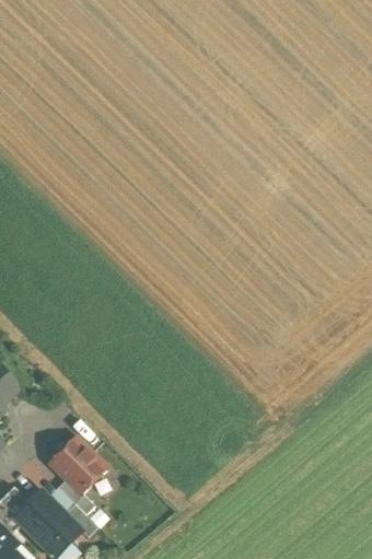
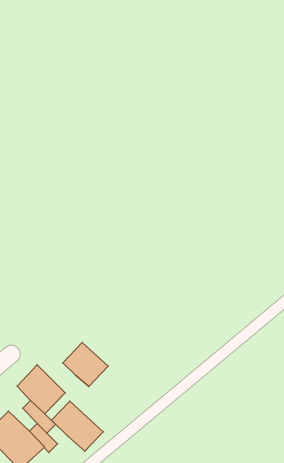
building: none -> [63,343,108,387]
building: none -> [51,401,103,451]

